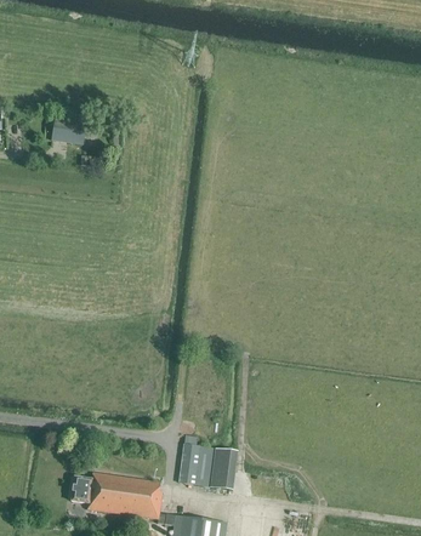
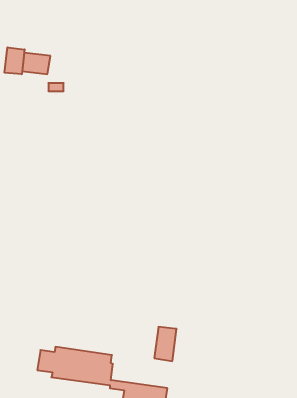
building: none -> [5,47,25,74]
building: [178,435,215,486] -> none

